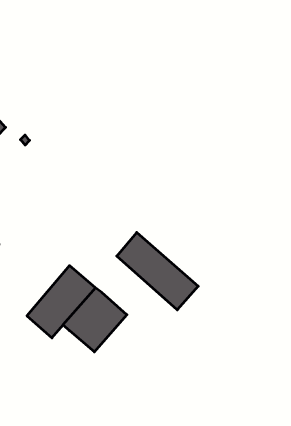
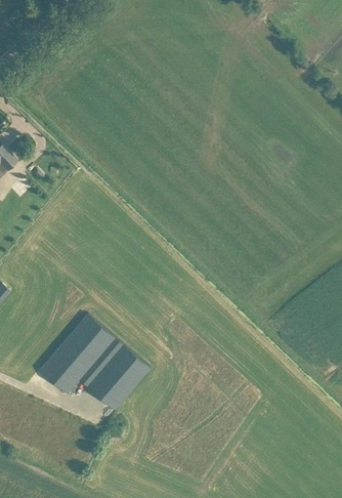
building: [117,232,198,310] -> none

